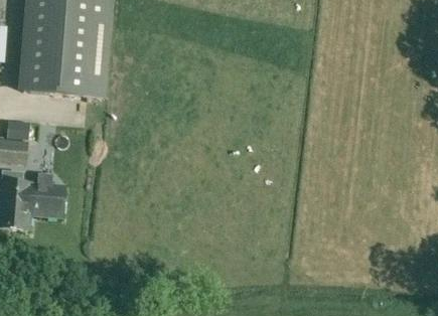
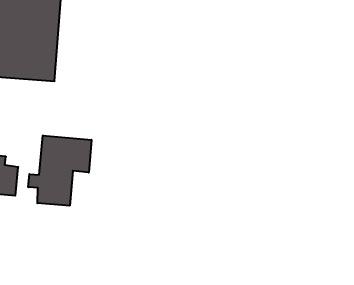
building: none -> [28,135,91,206]

